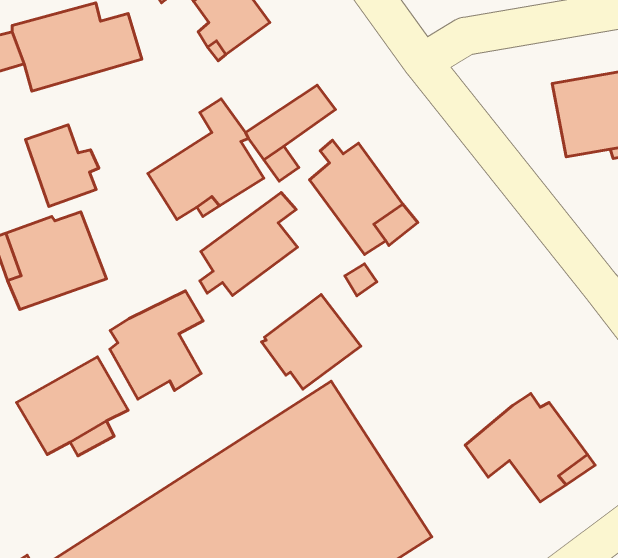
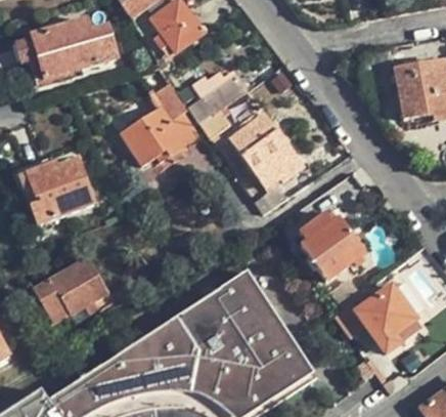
building: [25,125,99,206] -> none
building: [200,192,298,296] -> none
building: [110,291,203,399] -> none
building: [262,294,361,389] -> [298,216,364,280]

